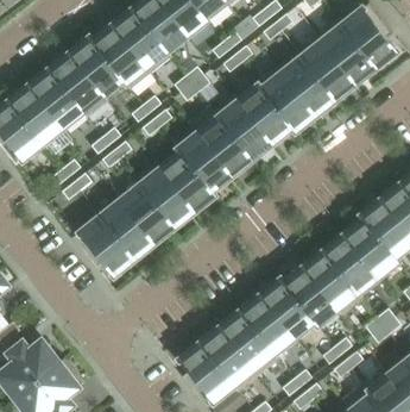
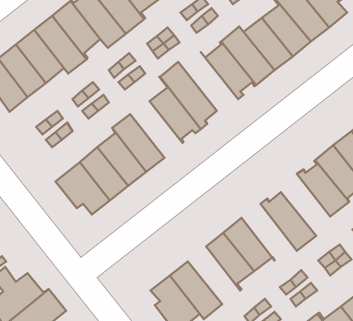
building: [209,94,276,160] -> none
building: [156,149,214,212] -> none
building: [323,230,378,299] -> none
building: [279,263,341,326] -> none
building: [220,311,278,375] -> none

